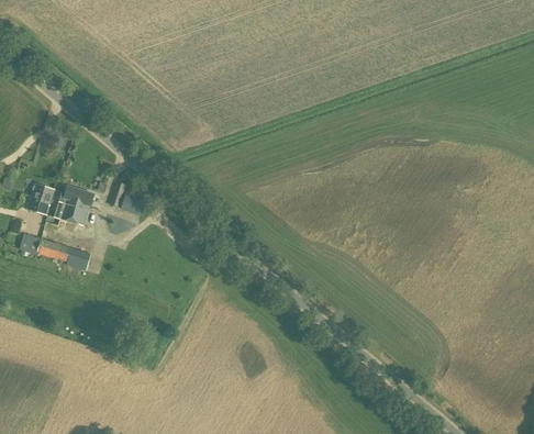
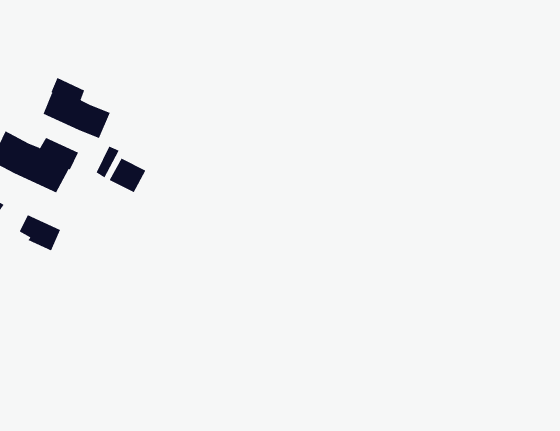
building: none -> [43,77,111,139]

